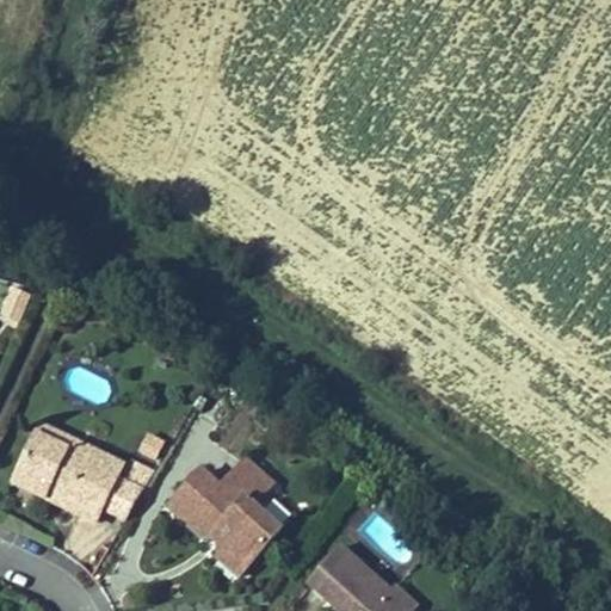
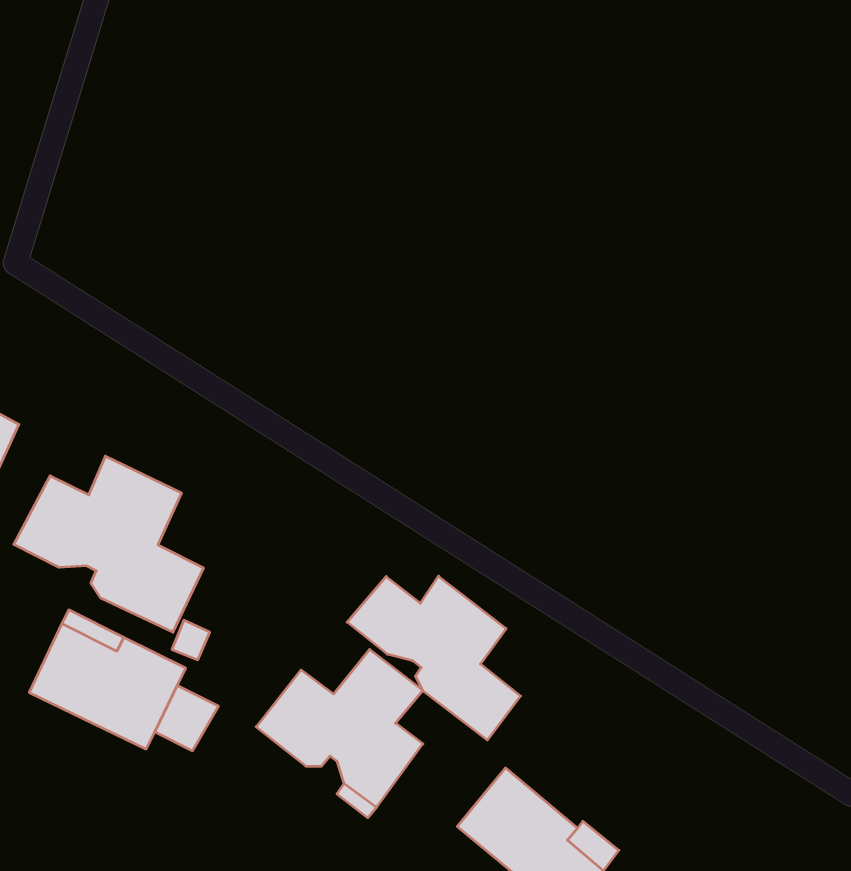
building: none -> [14,456,203,632]
building: none -> [347,576,521,740]

